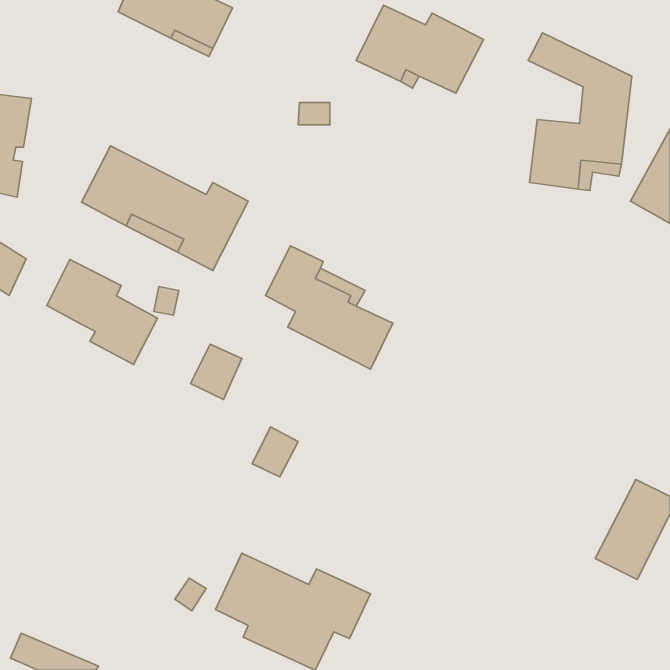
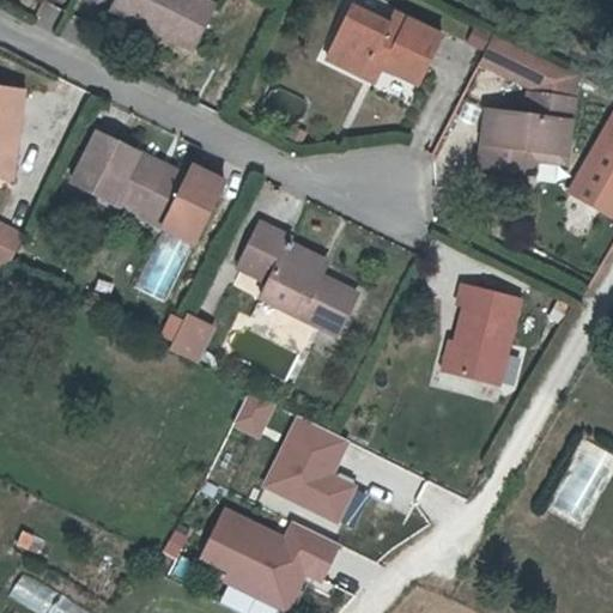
building: [47,260,157,365] -> none
building: none -> [450,283,523,381]
building: none -> [260,413,356,521]

